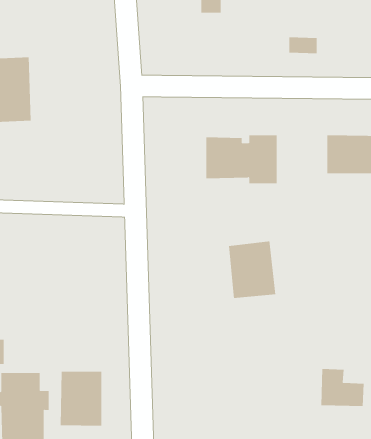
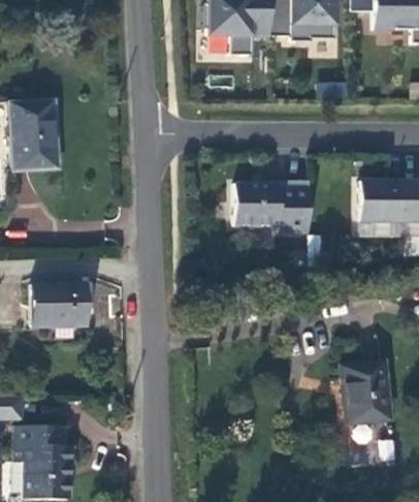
building: none -> [32,284,85,324]
building: [228,241,276,299] -> [343,360,392,420]
building: [60,371,102,426] -> none

